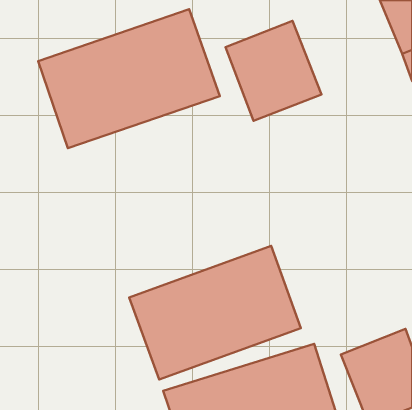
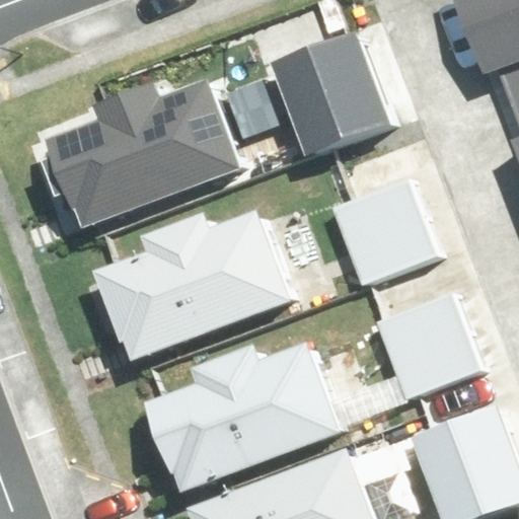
building: none -> [115,180,317,347]
building: none -> [329,192,434,298]
building: none -> [377,308,479,402]

